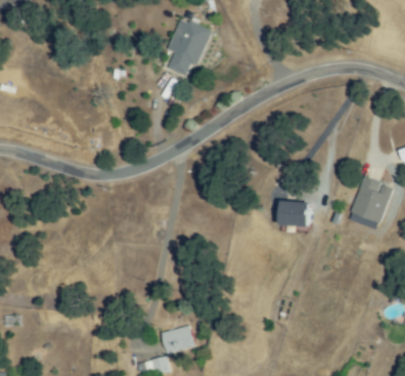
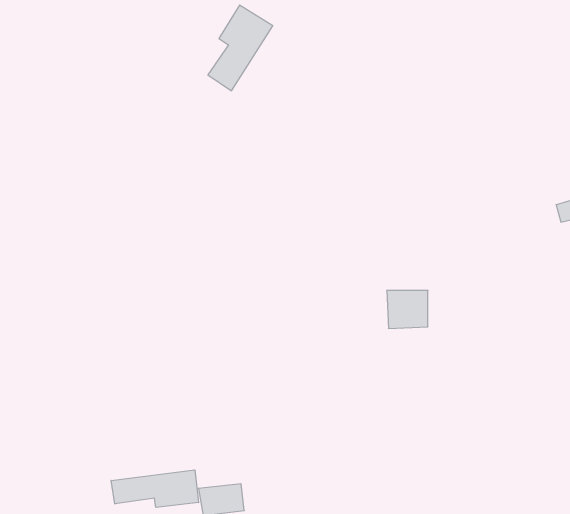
building: [351,178,388,225] -> none
building: none -> [111,470,199,507]

